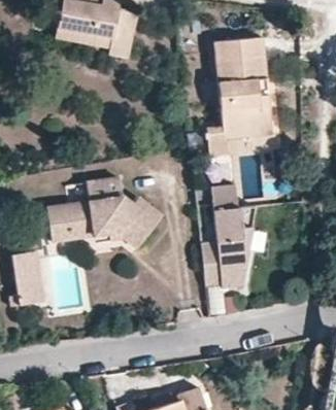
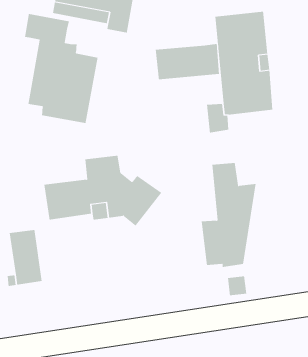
building: none -> [24,13,98,124]
building: none -> [155,43,220,80]

